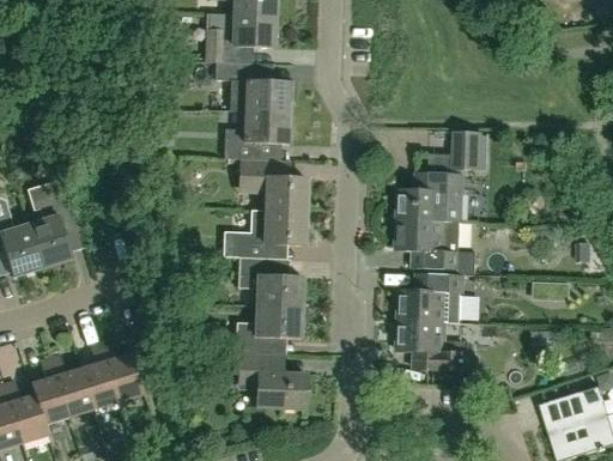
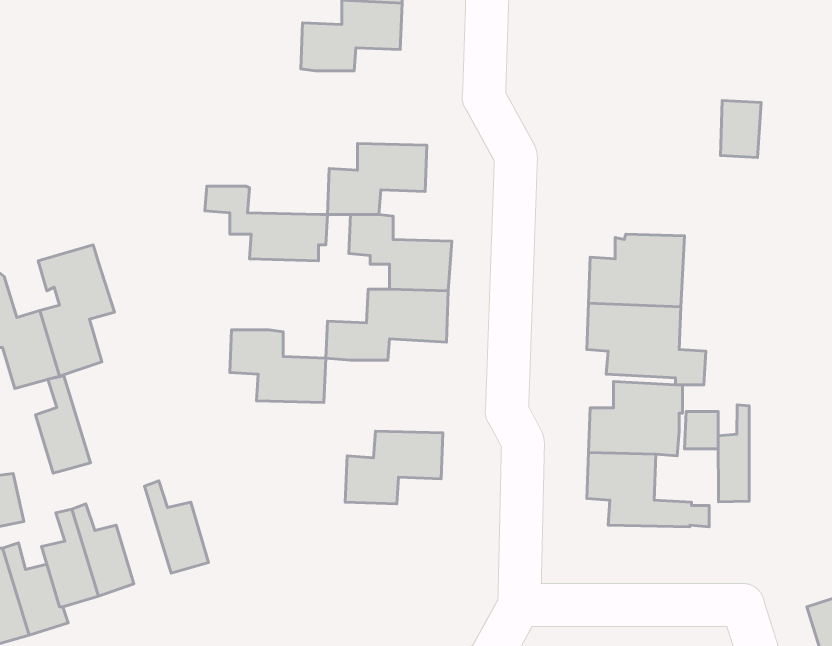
building: [213,62,296,113] -> [205,186,327,261]
building: [454,132,481,170] -> [720,101,761,157]
building: [237,257,302,307] -> [230,330,326,403]
building: none -> [718,405,749,502]
building: [80,342,117,408] -> [35,376,91,473]
building: [237,356,305,408] -> none

